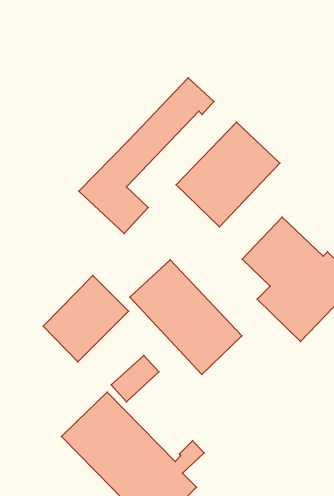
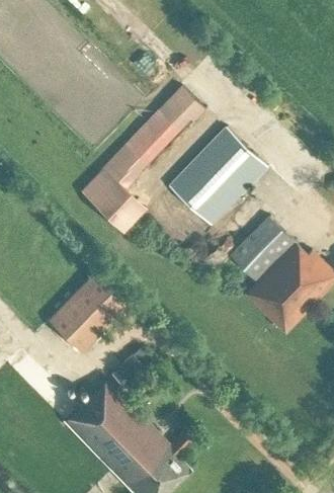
building: [130,260,242,375] -> none

